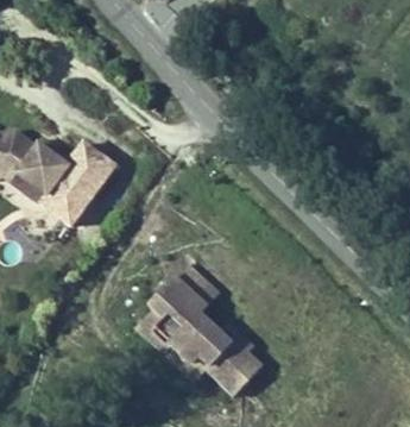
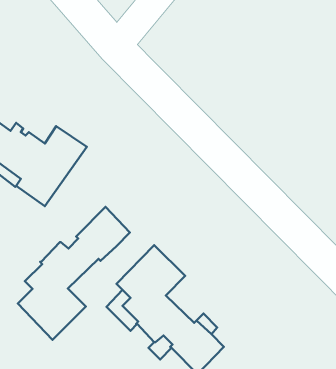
building: none -> [18,207,130,340]

